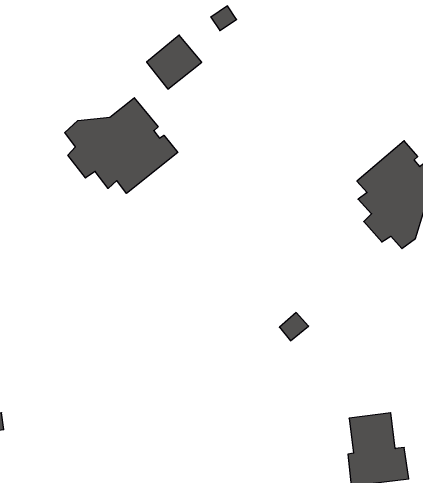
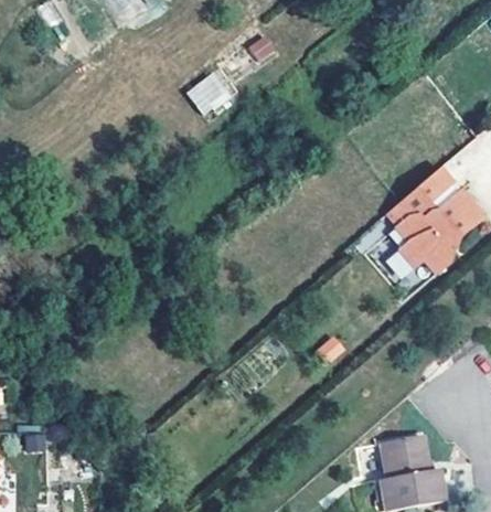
building: [65,98,178,193] -> none

